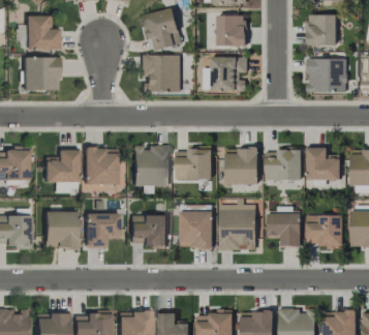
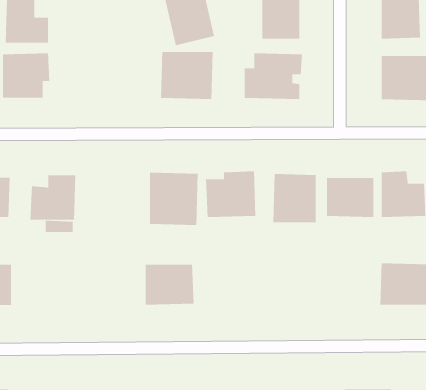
building: [84,147,117,184] -> none
building: [220,204,257,250] -> none
building: [269,206,303,247] -> none
building: [43,211,78,248] -> none
building: [85,211,119,248] -> none
building: [181,211,214,248] -> none

